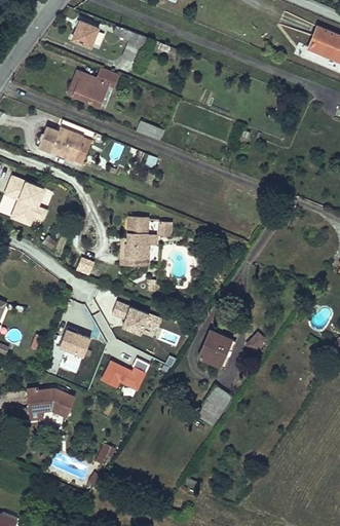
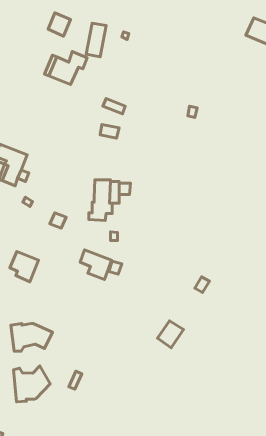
building: [39,127,92,163] -> none
building: [55,329,89,365] -> [10,251,38,282]
building: [199,329,232,366] -> none
building: [100,359,149,391] -> none
building: none -> [14,366,50,402]

